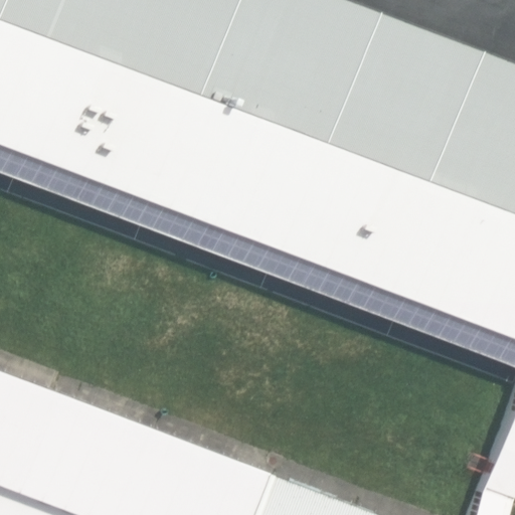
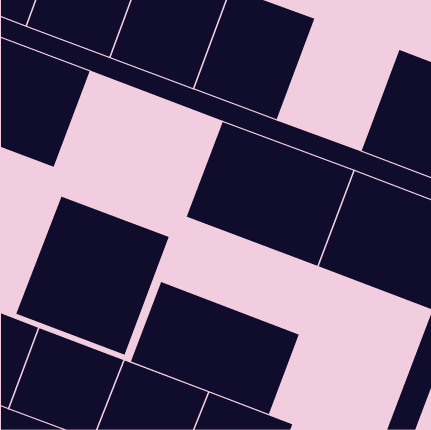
building: [331,22,476,179] -> none
building: [65,84,266,258] -> none
building: none -> [16,196,170,355]
building: none -> [130,281,299,415]

